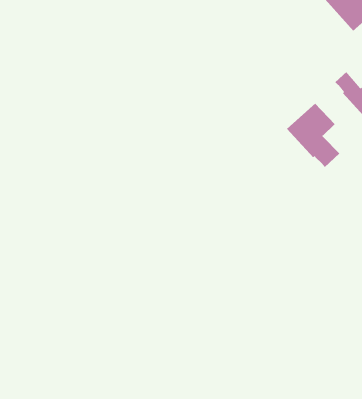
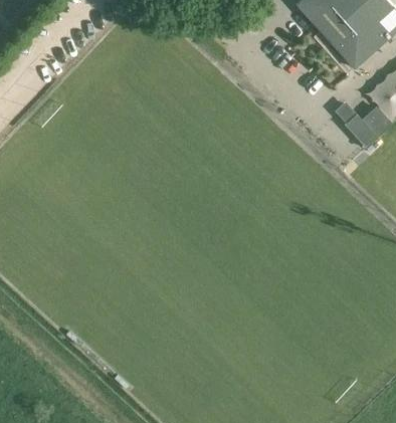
building: [286,103,340,168] -> none

